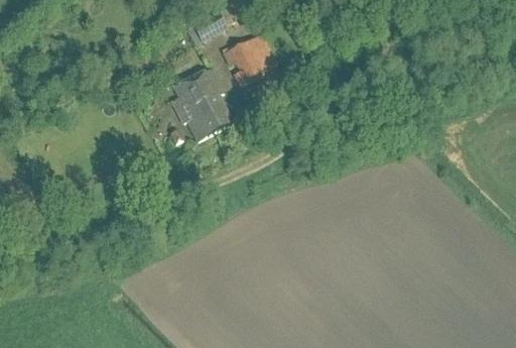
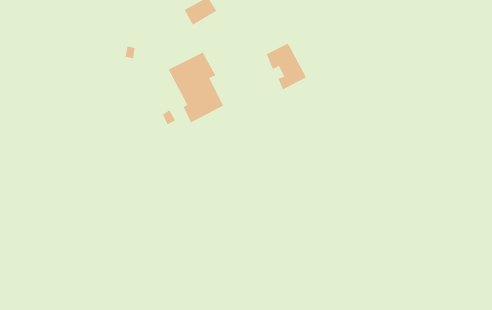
building: [221,35,263,84] -> [266,43,307,90]

